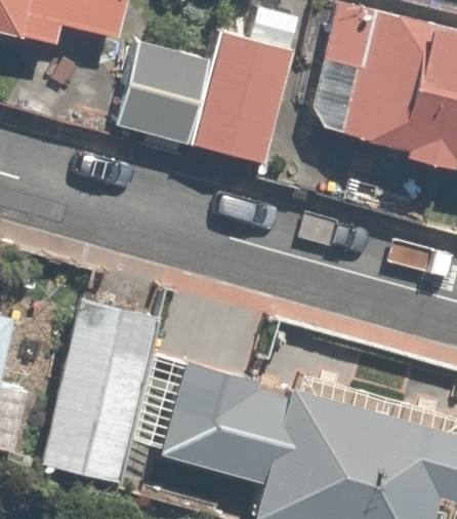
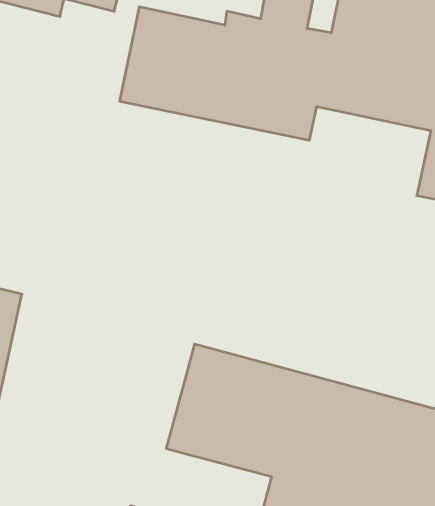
building: [36,297,159,493] -> none

